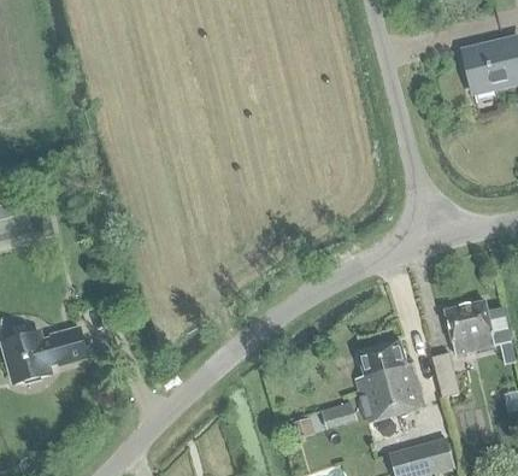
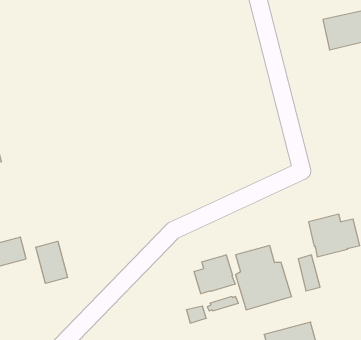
building: none -> [36,241,68,283]
building: none -> [194,255,235,294]

